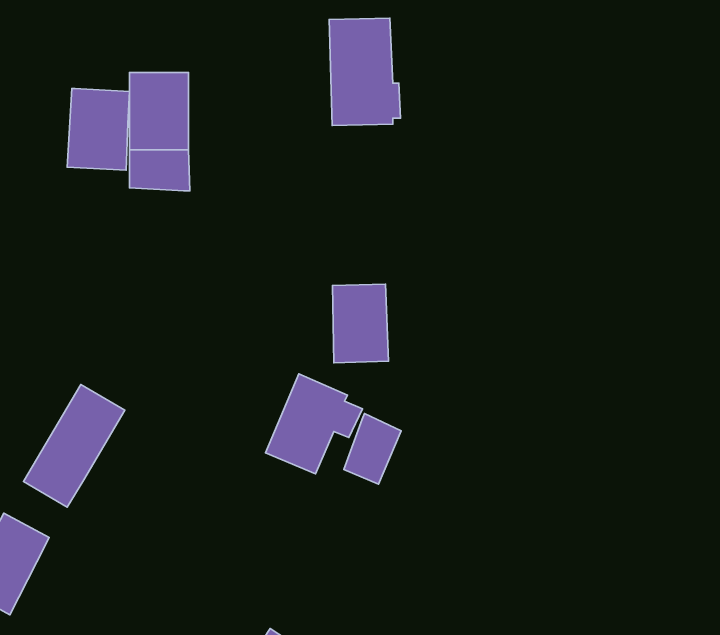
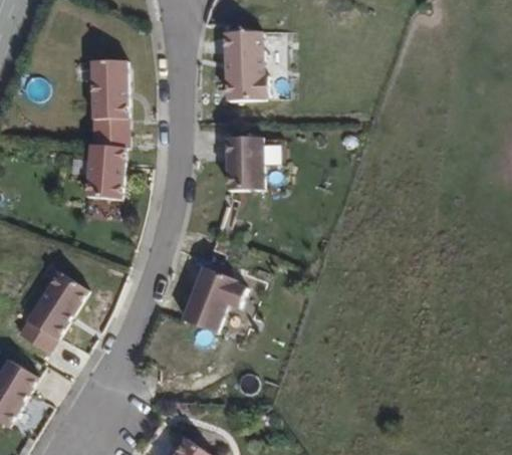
building: [67,89,129,170] -> [85,142,126,196]
building: [332,284,388,363] -> [225,135,262,187]
building: [344,414,401,484] -> none

